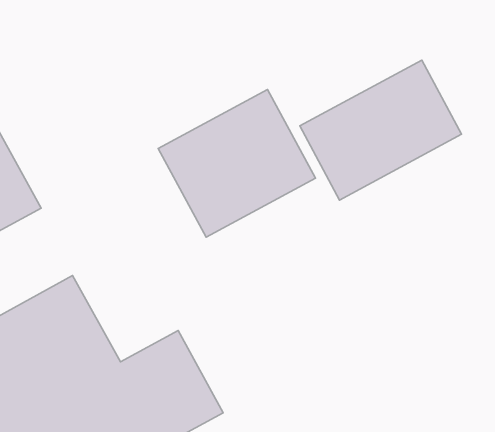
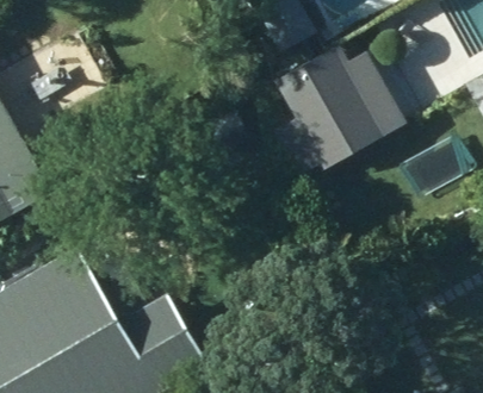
building: [158,90,315,237] -> none

